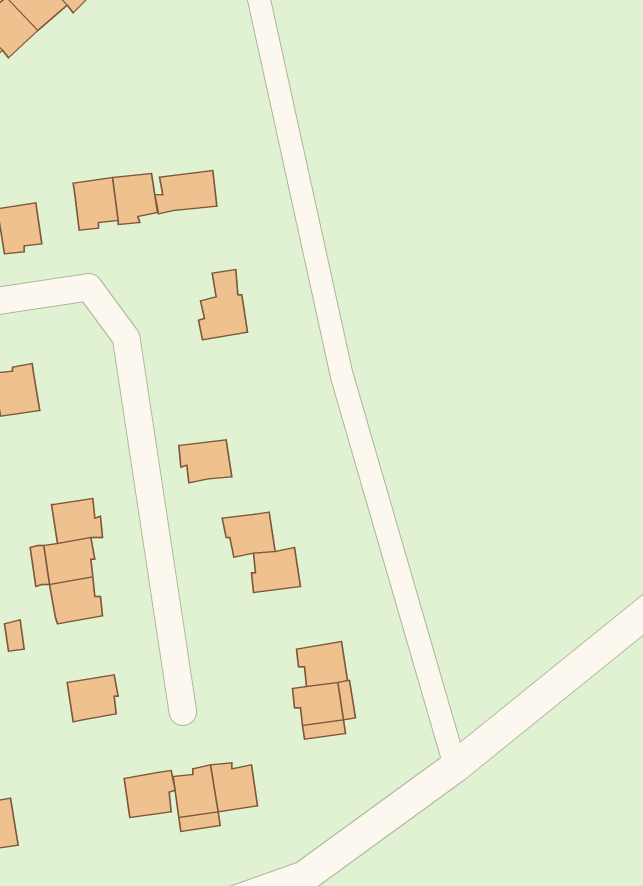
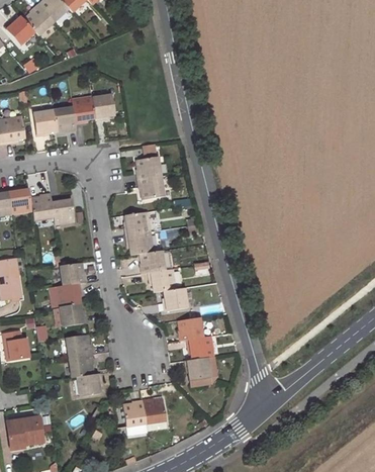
building: [155,170,217,214] -> none
building: none -> [53,106,76,131]
building: none -> [138,176,165,199]
building: none -> [52,197,75,222]
building: none -> [124,211,151,234]
building: none -> [140,250,166,273]
building: none -> [178,316,204,341]
building: none -> [66,334,93,357]
building: [124,771,175,818] -> [77,372,103,396]

